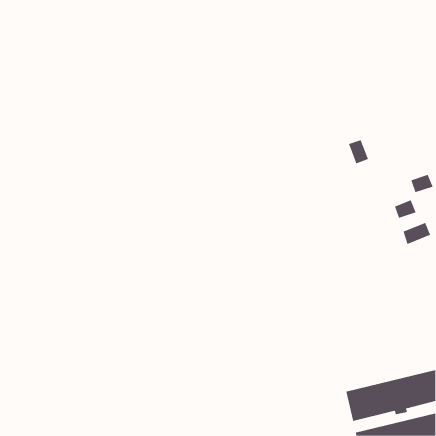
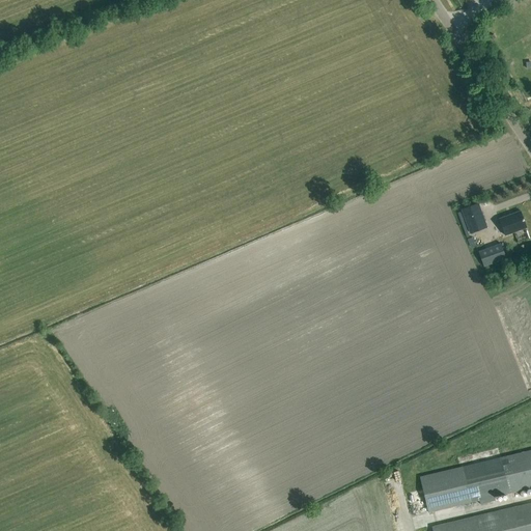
building: [348,139,369,164] -> [462,203,486,233]
building: [403,222,431,245] -> none

